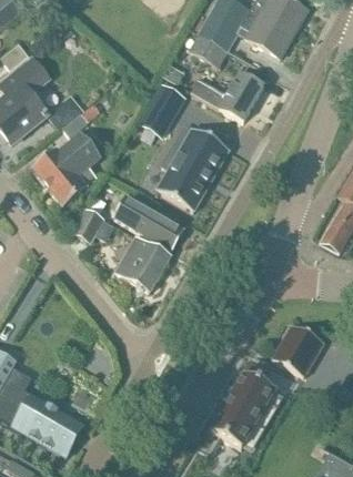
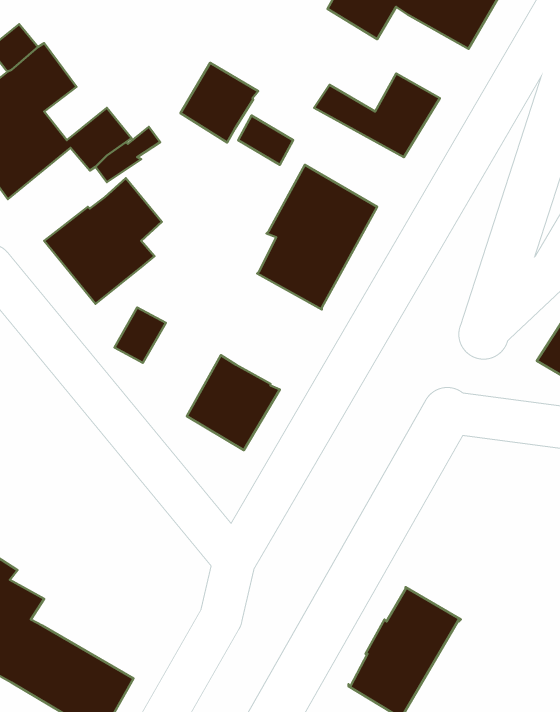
building: [188,34,226,68] -> none
building: none -> [181,63,258,142]
building: [114,196,182,253] -> none
building: [270,323,322,376] -> none

